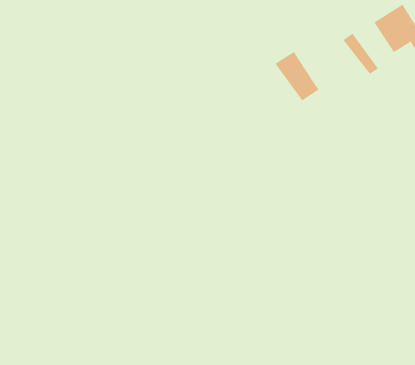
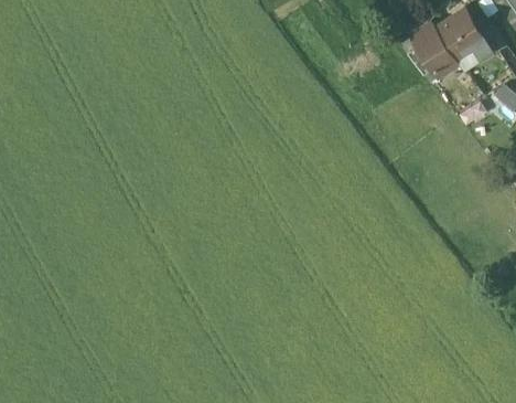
building: [275,51,320,101] -> [412,22,460,75]

